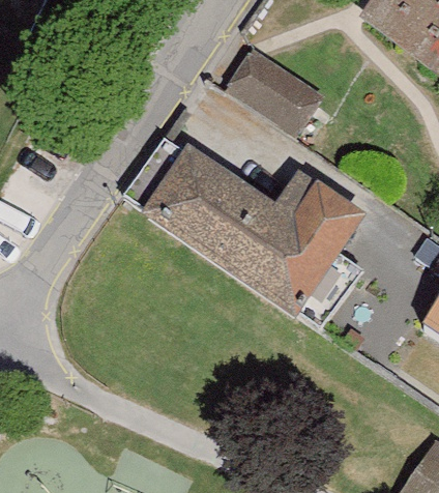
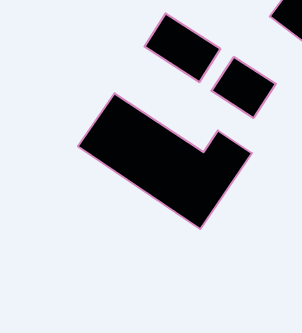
building: none -> [211,57,276,118]

